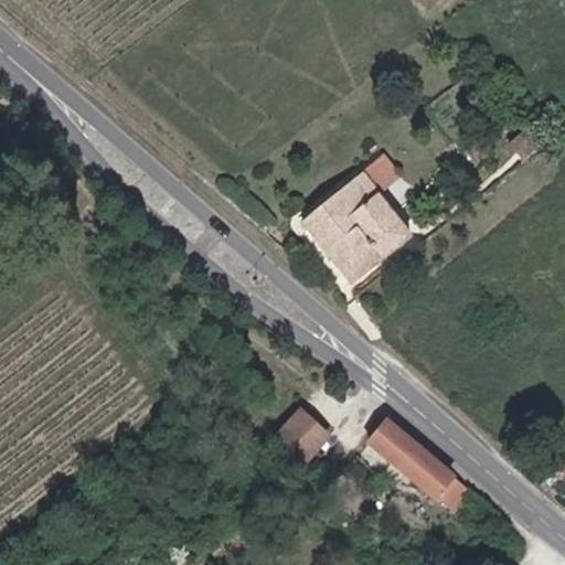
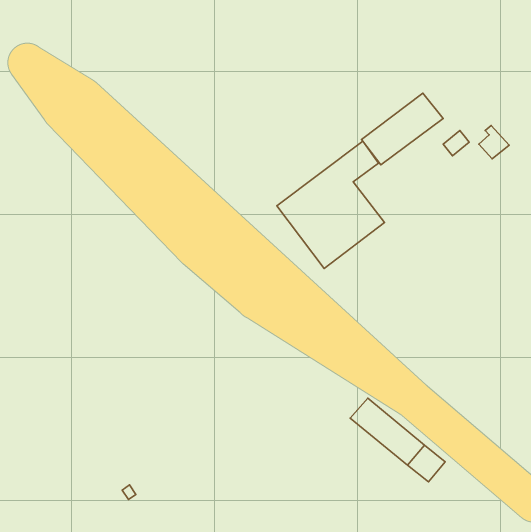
building: none -> [361,93,443,165]
building: [281,416,332,467] -> none

